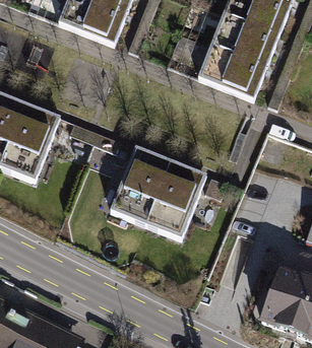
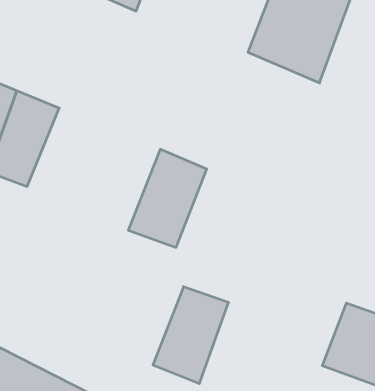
building: [146,164,204,238] -> [153,287,229,384]

